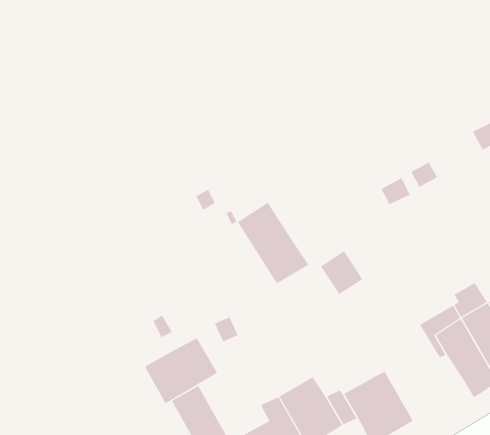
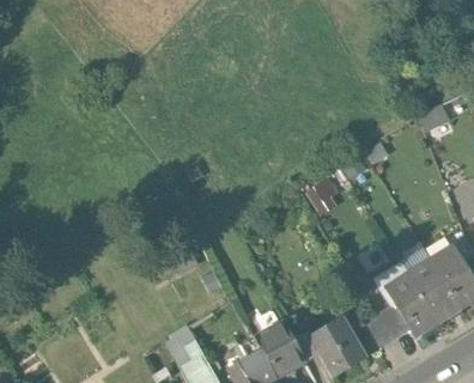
building: [237,202,309,284] -> none
building: [320,251,363,295] -> [306,175,342,212]
building: [144,338,218,404] -> none
building: none -> [364,303,411,346]

